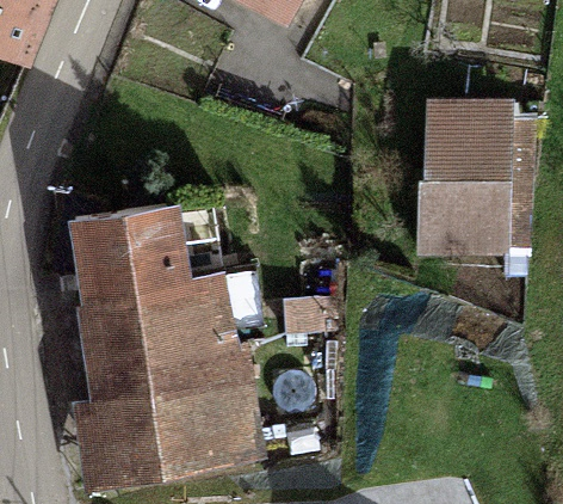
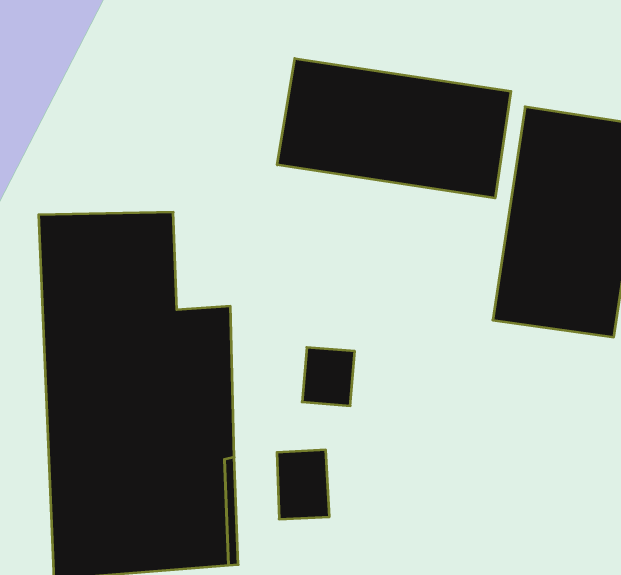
building: none -> [277,58,511,198]

